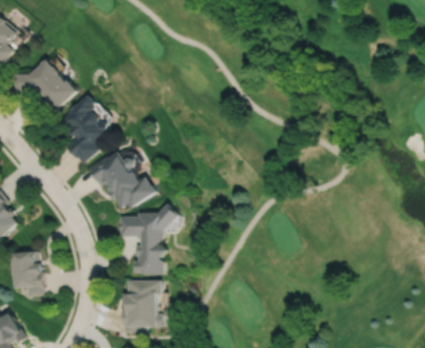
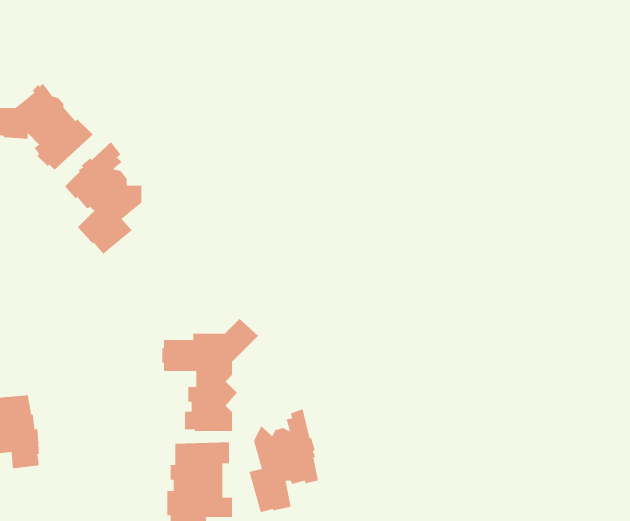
building: [89,150,155,208] -> none
building: none -> [249,408,319,513]

